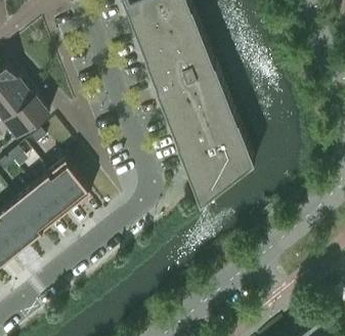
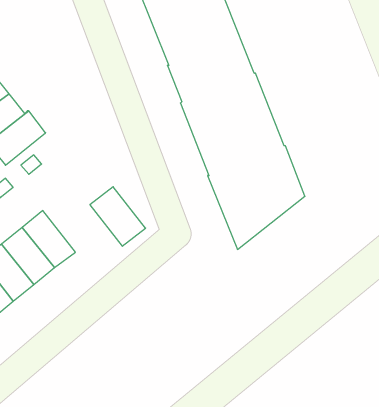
building: [47,162,91,209] -> [90,187,146,246]

